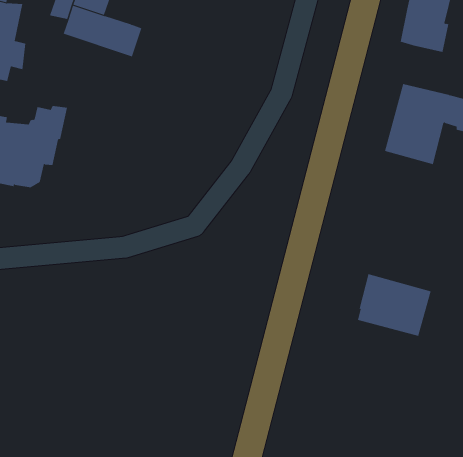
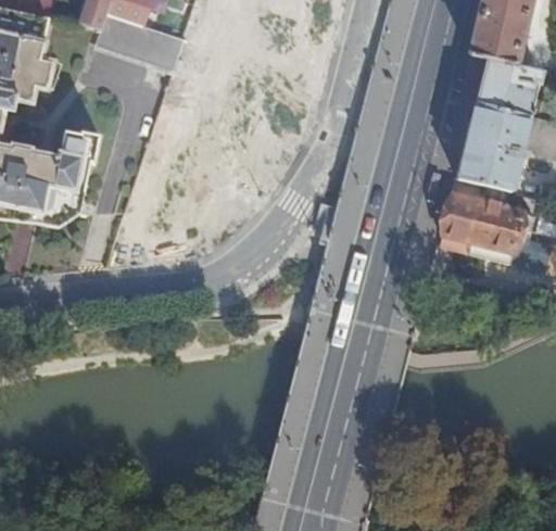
building: none -> [475,58,538,113]
building: [357,274,432,337] -> [438,192,521,263]

